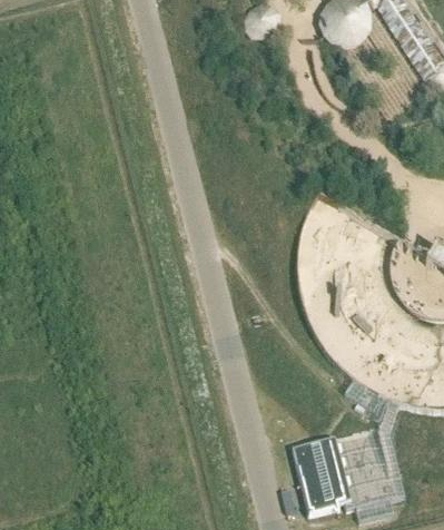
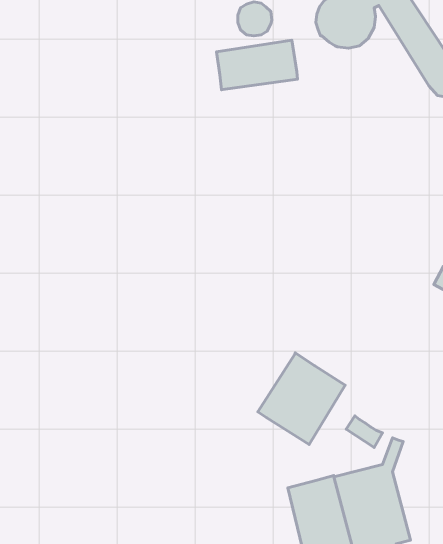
building: none -> [216,40,297,90]
building: none -> [258,353,345,445]

